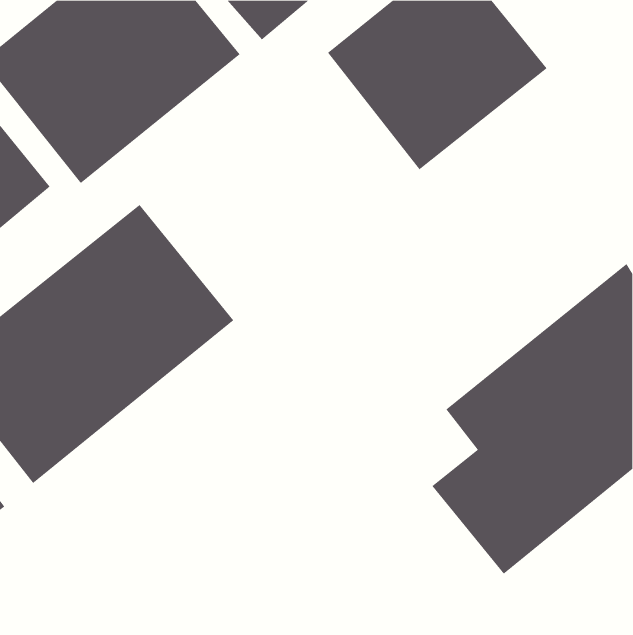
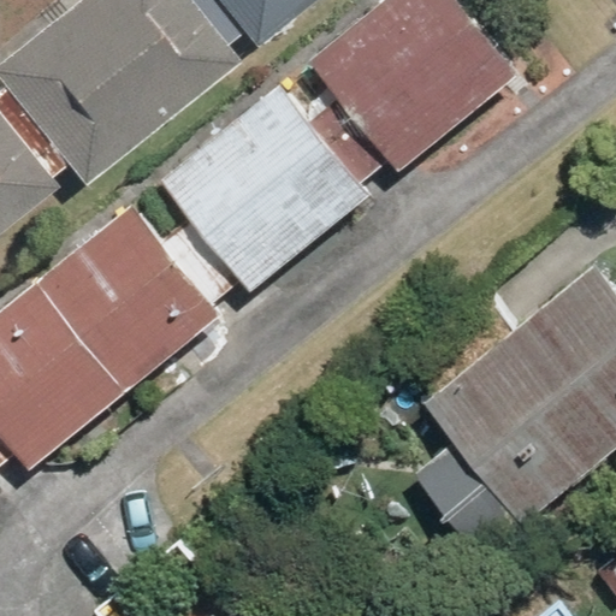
building: none -> [161,82,374,294]

